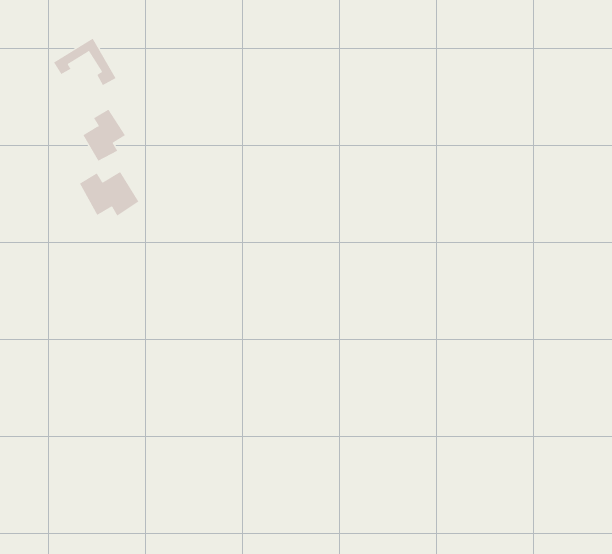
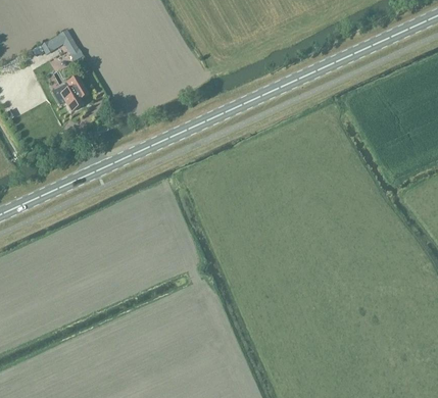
building: [79,171,139,216] -> none

